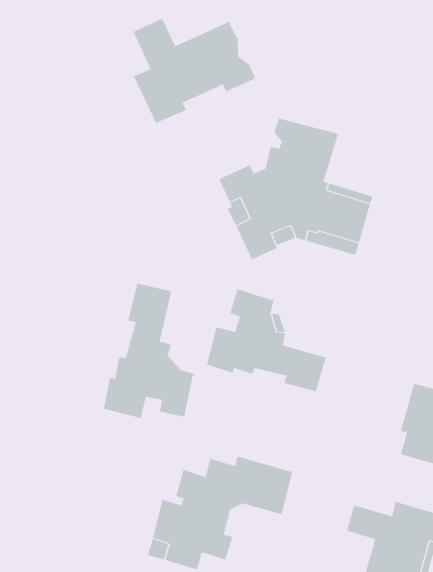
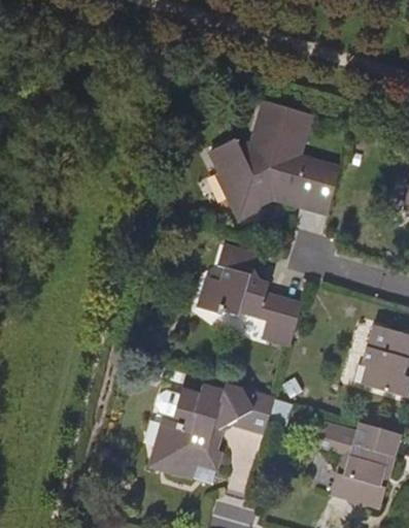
building: [133,18,256,124] -> none
building: [103,283,196,419] -> none

